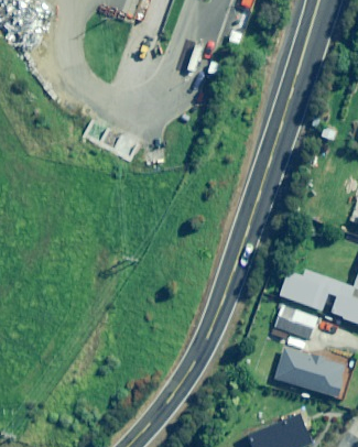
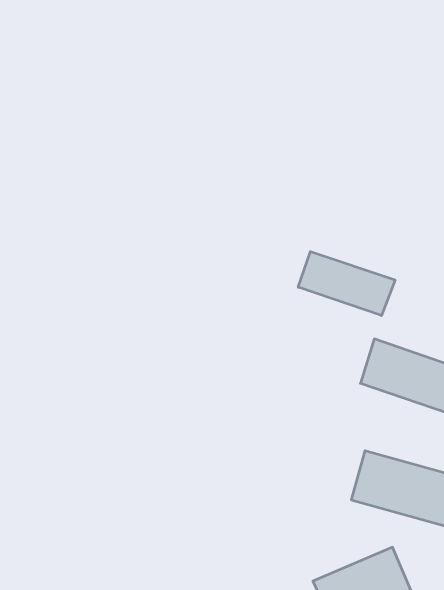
building: none -> [298,252,395,316]
building: [273,303,317,340] -> none

